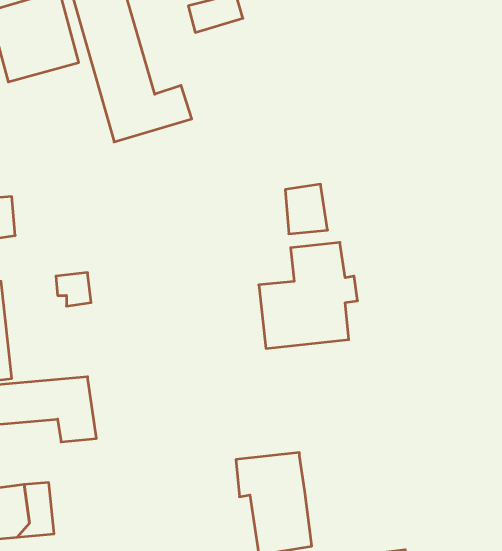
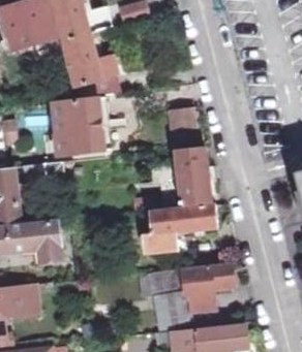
building: none -> [49,100,103,153]
building: none -> [145,203,214,249]
building: none -> [181,263,233,308]

